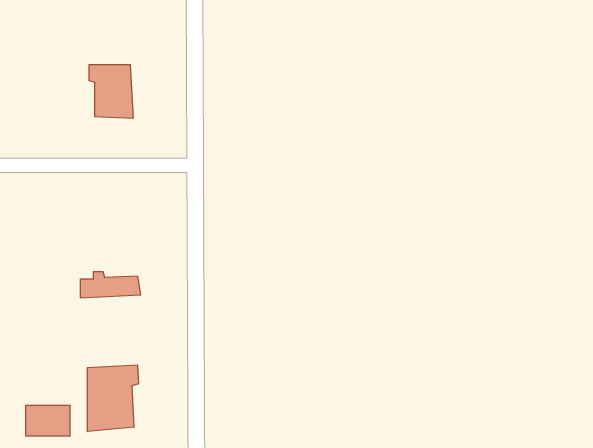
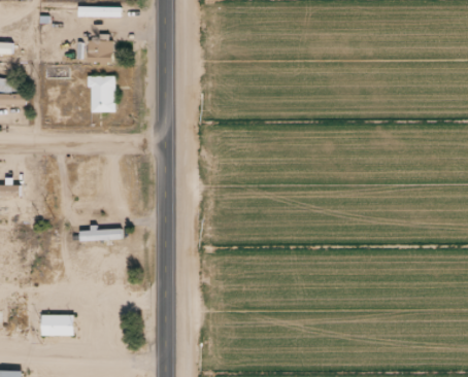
building: none -> [87,44,110,65]
building: [88,365,138,432] -> none

